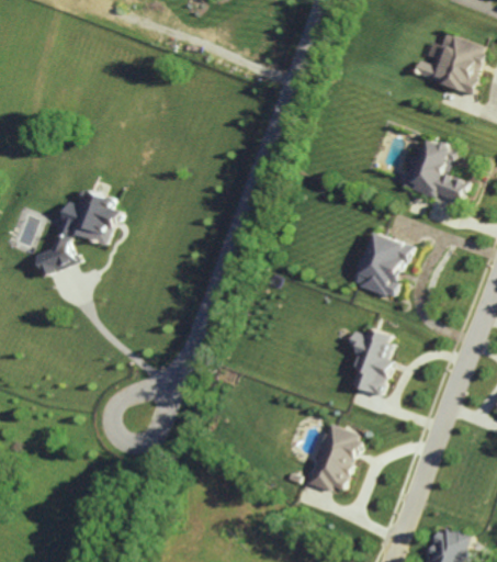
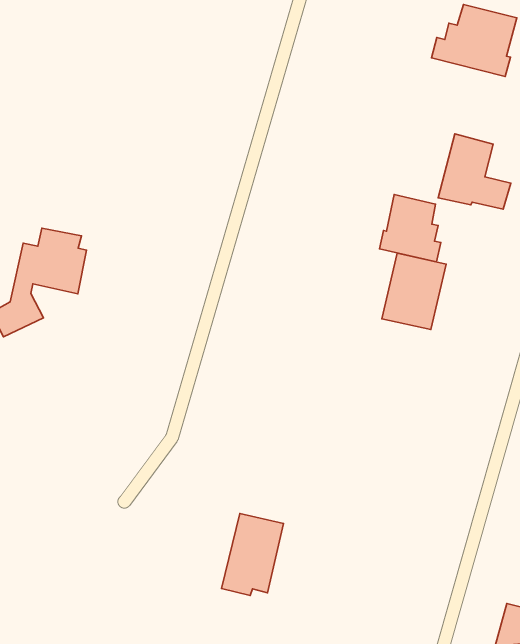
building: none -> [379,195,441,262]
building: [347,328,393,396] -> none
building: [305,424,360,492] -> [222,513,284,596]

